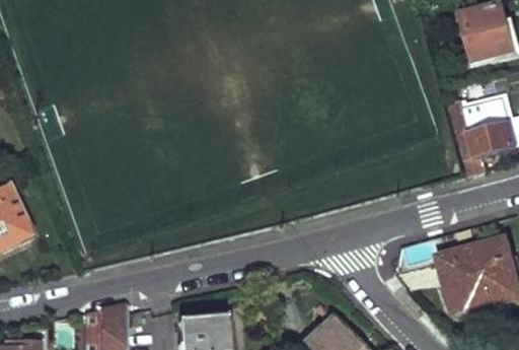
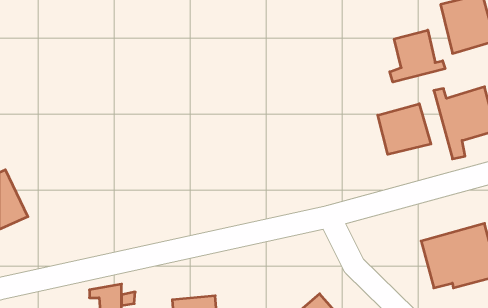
building: none -> [390,30,445,82]
building: none -> [378,104,431,154]

